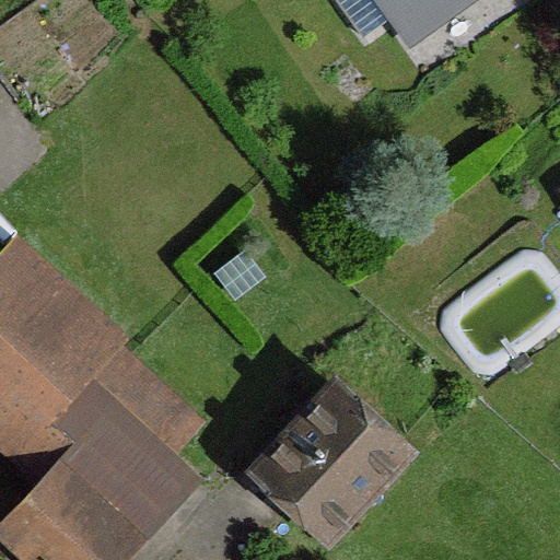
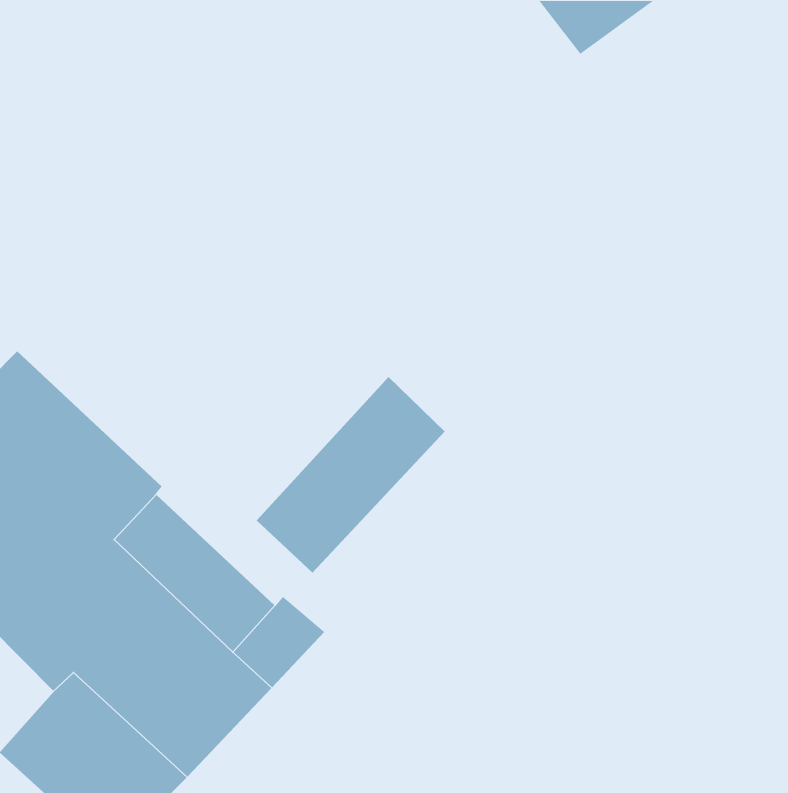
building: none -> [256,376,445,574]
building: [257,394,400,537] -> none

